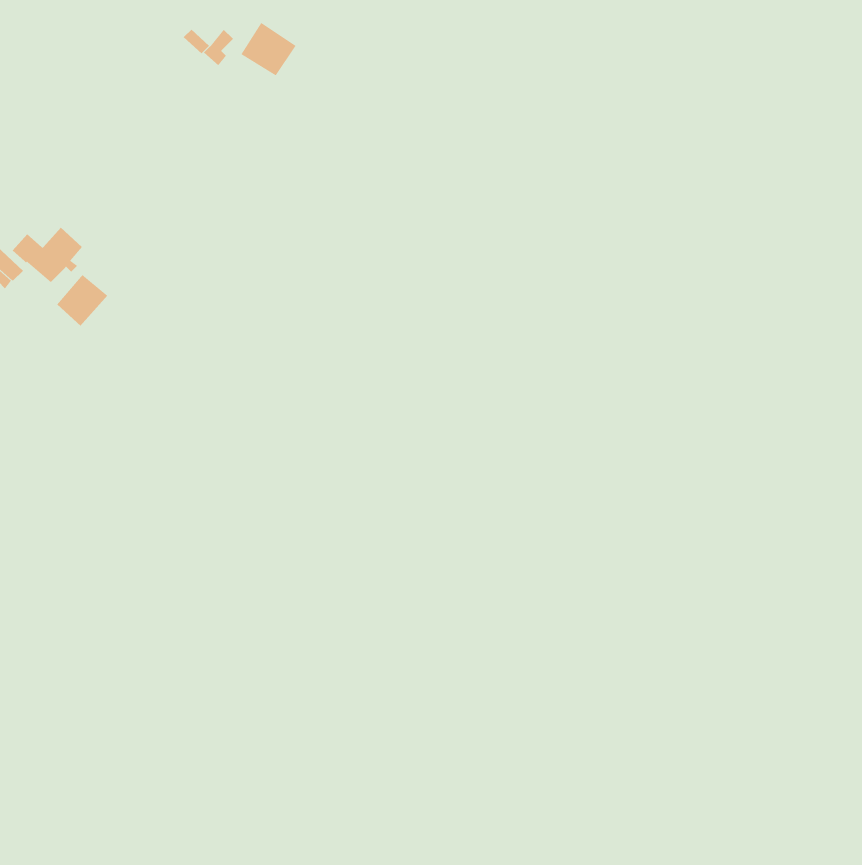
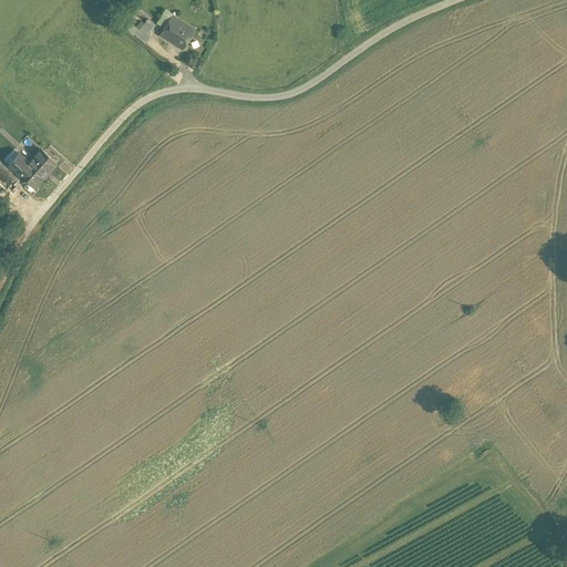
building: [56,274,108,327] -> none

